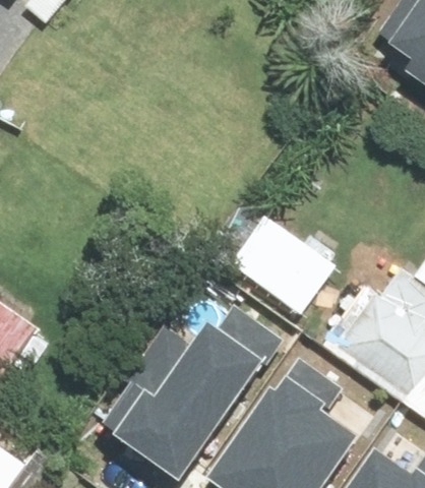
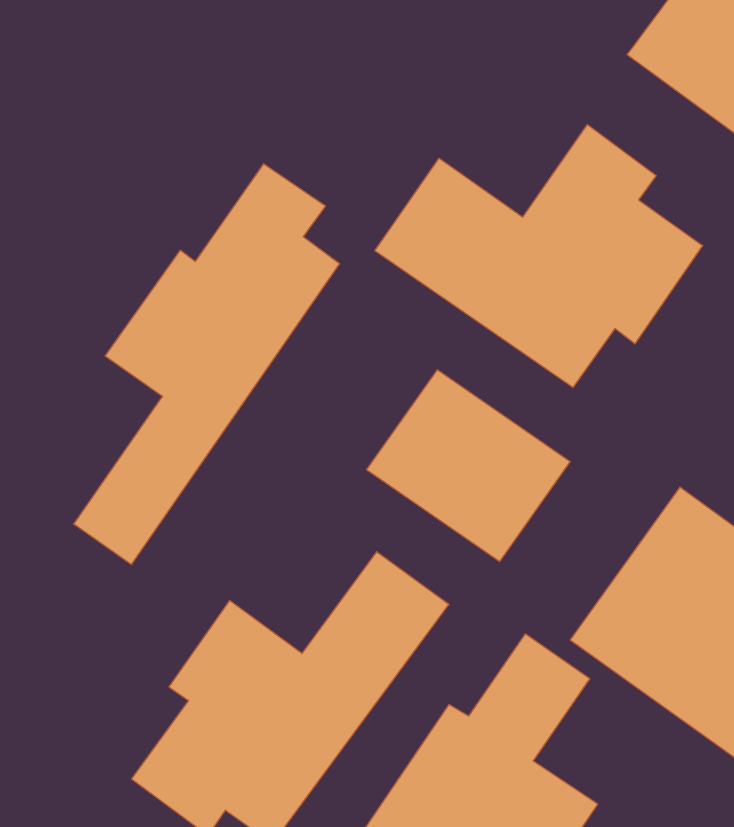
building: none -> [375,125,703,388]
building: none -> [74,164,339,565]

